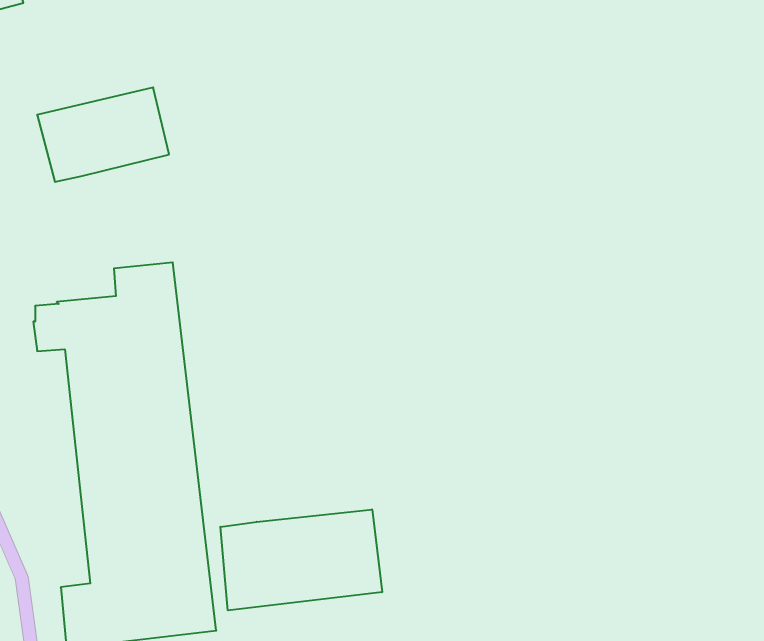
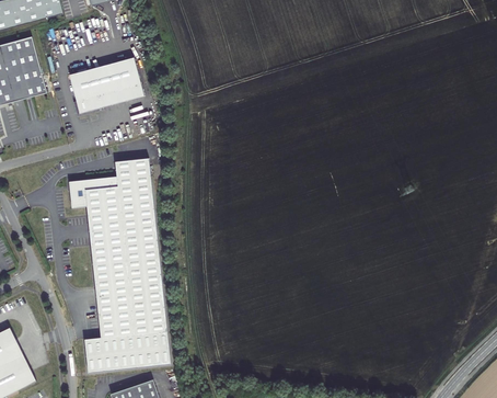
building: [220,509,382,610] -> none

